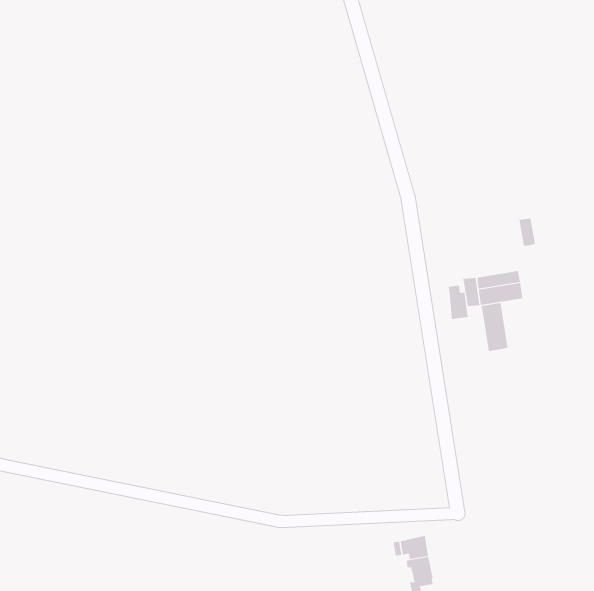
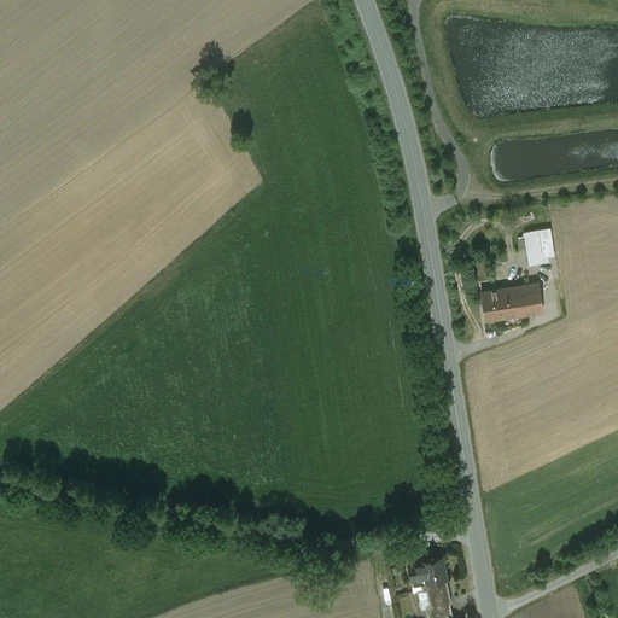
building: none -> [518,231,544,267]
building: [448,285,468,320] -> none
building: [481,302,508,352] -> none

